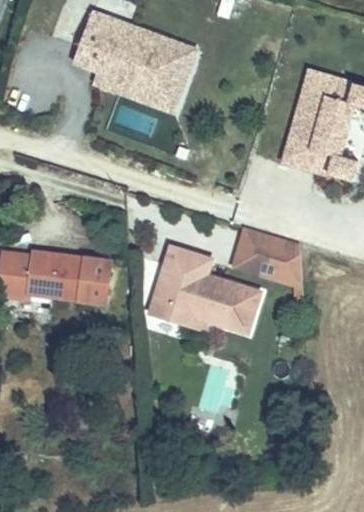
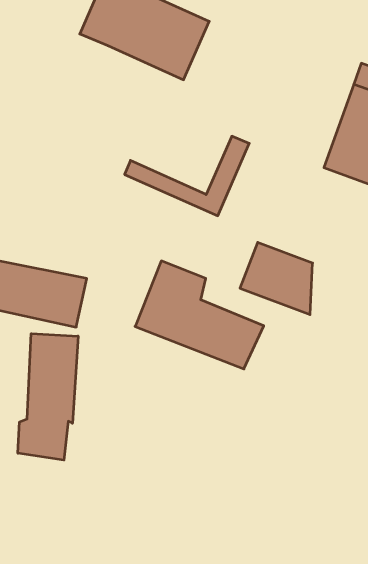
building: [98,44,200,111] -> [125,136,249,216]
building: none -> [18,334,78,460]

